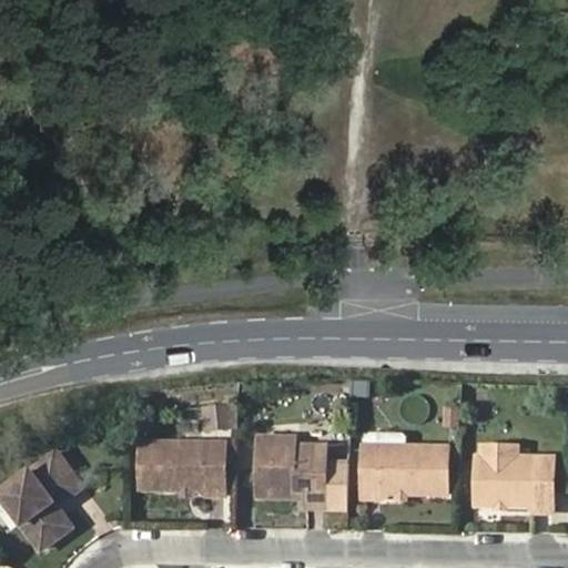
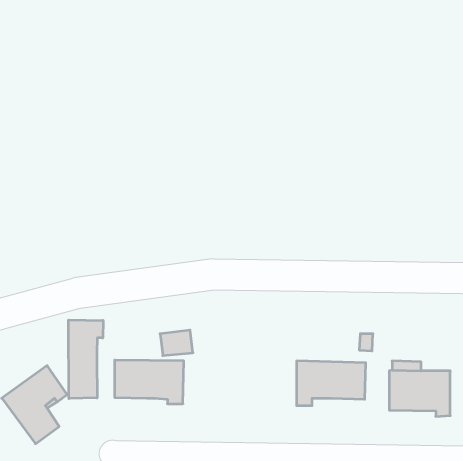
building: none -> [69,320,103,399]
building: [254,437,322,508] -> none

